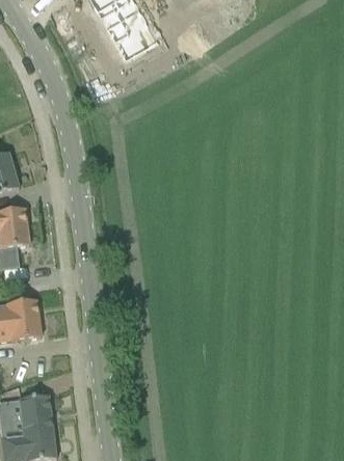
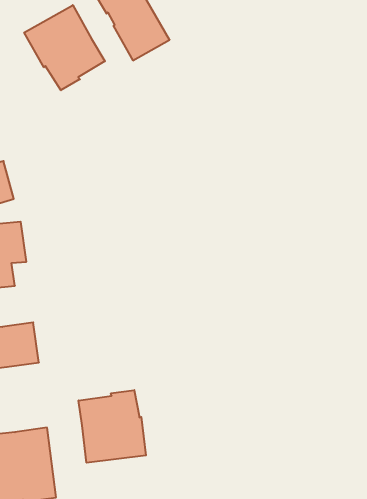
building: none -> [24,5,105,90]
building: none -> [79,390,146,463]

